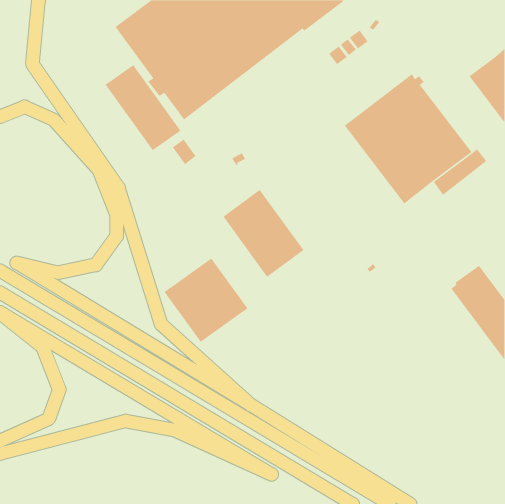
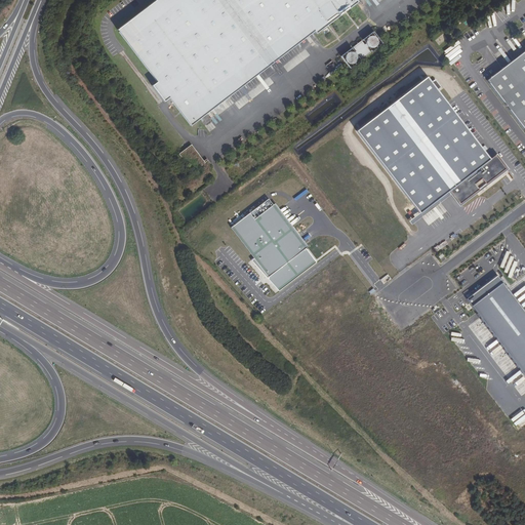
building: [105,64,181,151] -> none
building: [164,258,248,343] -> none

